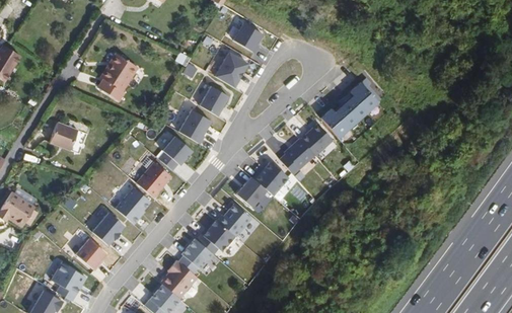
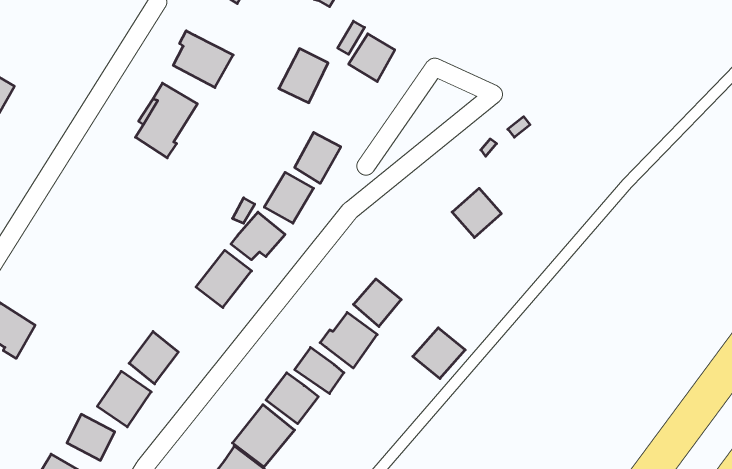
building: none -> [173,31,233,88]
building: [215,54,246,88] -> [279,49,328,103]
building: [318,79,383,143] -> none
building: [50,123,78,150] -> none
building: [278,136,313,171] -> none
building: [254,160,288,192] -> [413,328,465,379]
building: [117,186,150,221] -> none

